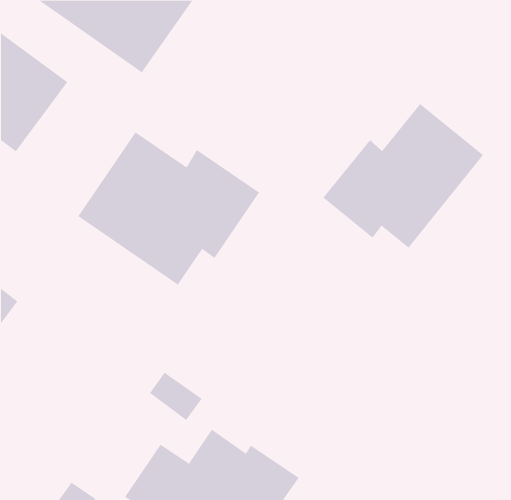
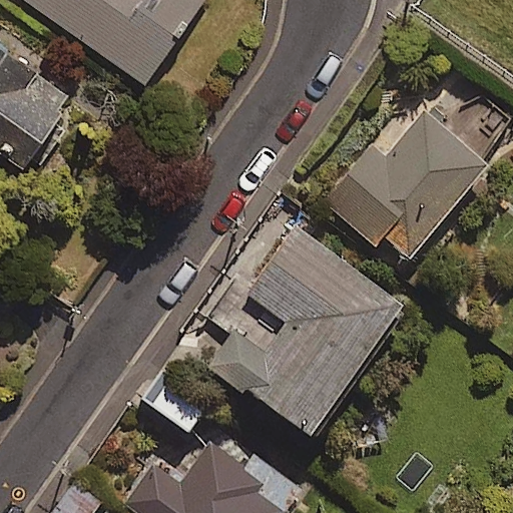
building: [78,132,260,286] -> none
building: none -> [212,221,397,425]

